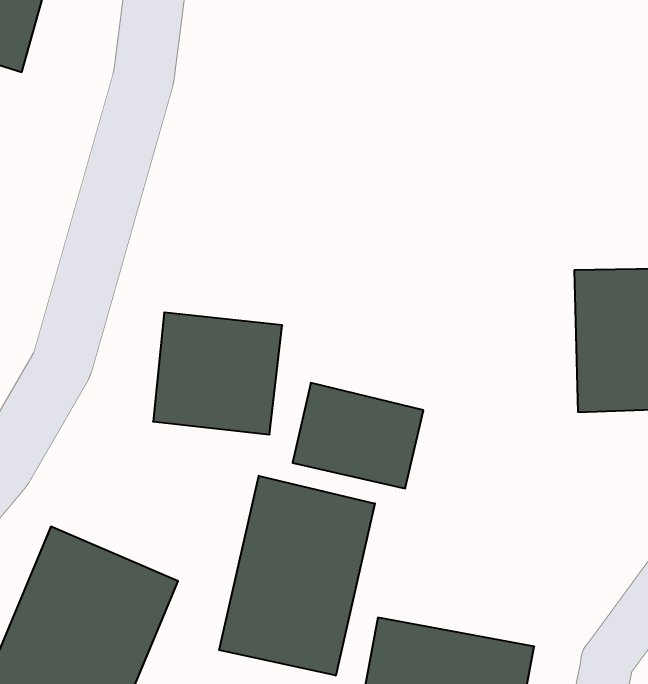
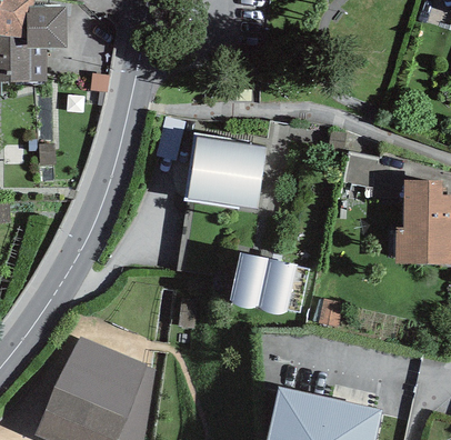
building: [153,313,282,434] -> [190,137,269,211]
building: [219,476,375,676] -> none

